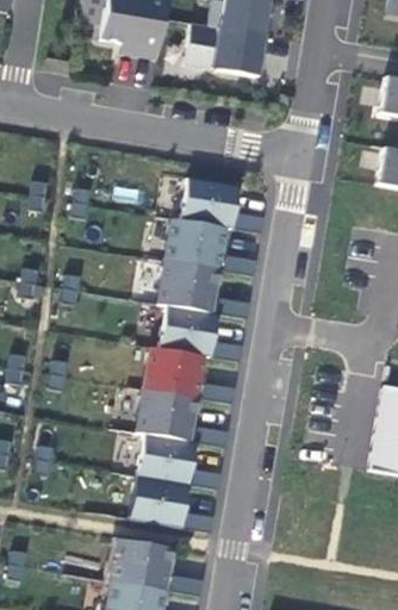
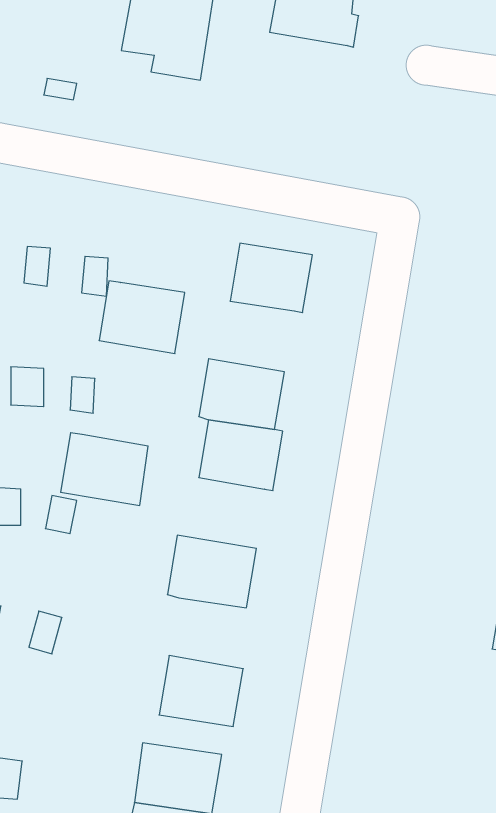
building: [182,21,263,75] -> none
building: [163,217,225,269] -> [99,281,185,354]
building: [141,344,204,397] -> [61,433,148,505]
building: [135,432,195,484] -> none

